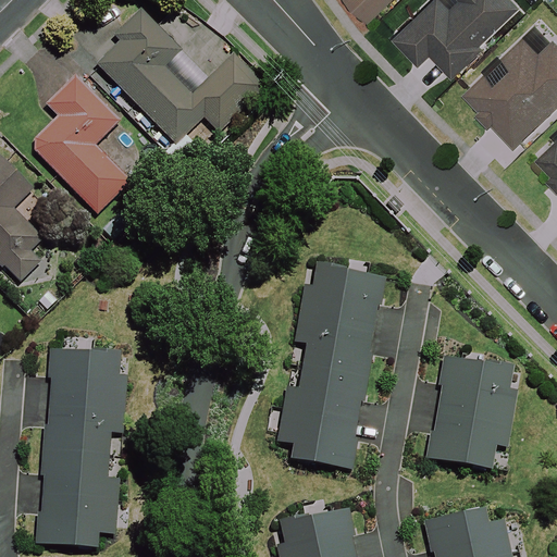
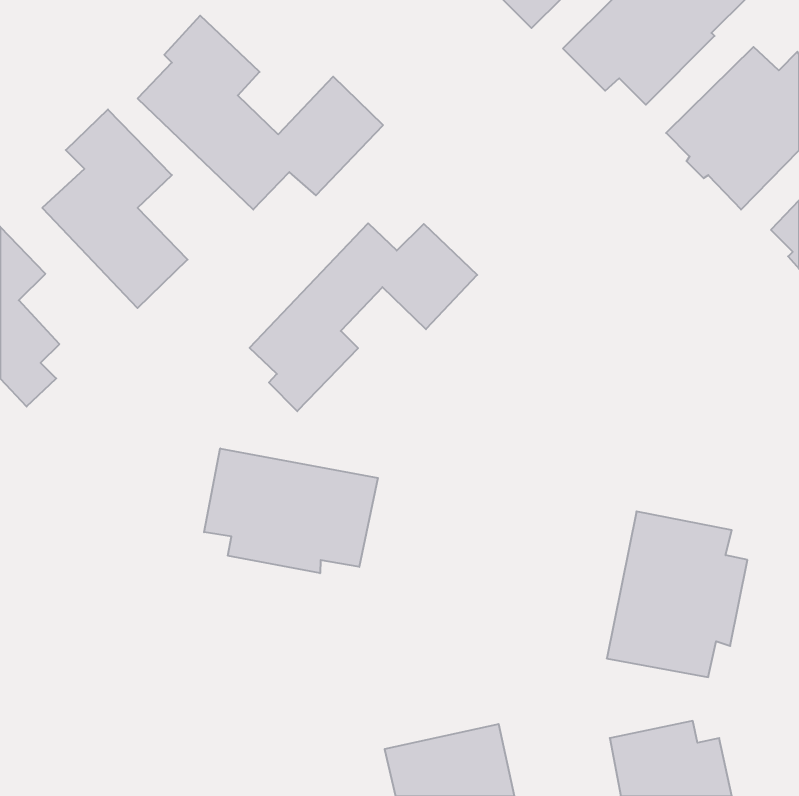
building: none -> [250,223,477,411]
building: [276,259,391,469] -> none
building: none -> [204,448,378,573]
building: [37,351,128,542] -> none

